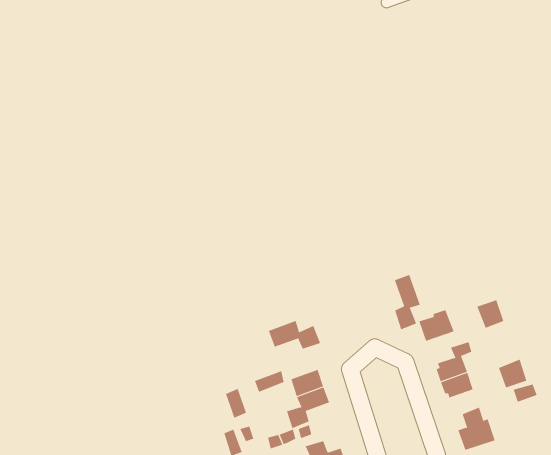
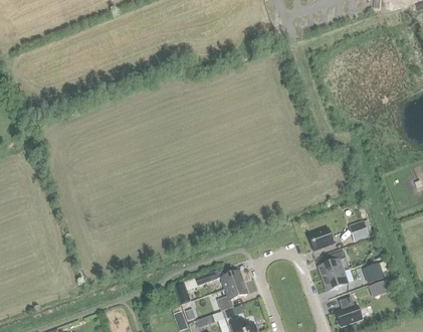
building: [394,274,420,330] -> none
building: [268,320,321,349] -> none

